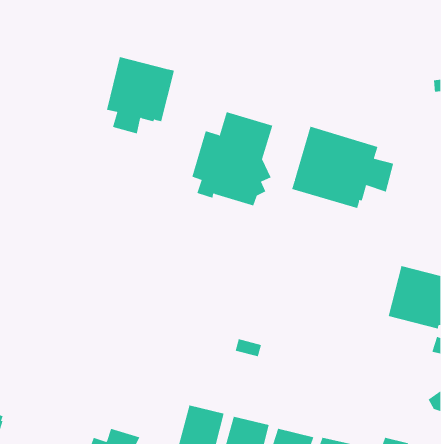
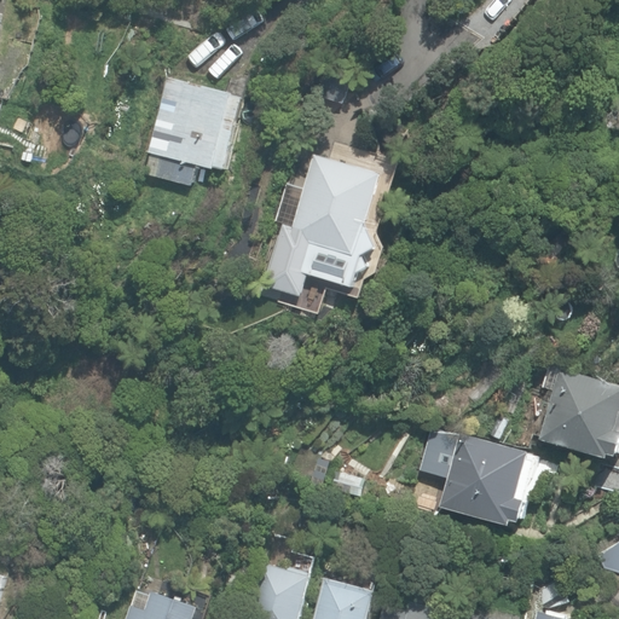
building: [291,126,394,209] -> none
building: none -> [421,430,532,525]

